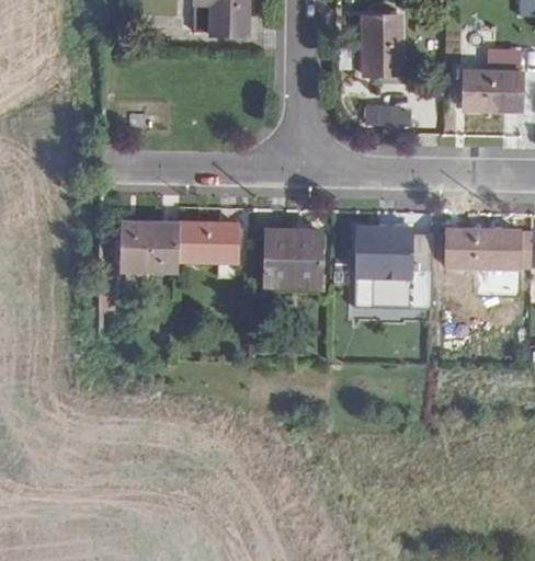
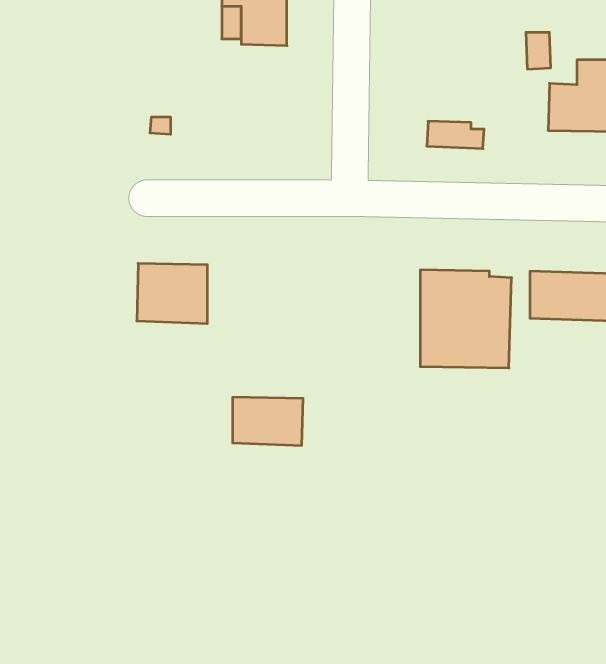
building: [361,18,401,77] -> none
building: [178,222,237,263] -> [233,397,303,445]
building: [262,229,319,284] -> none

